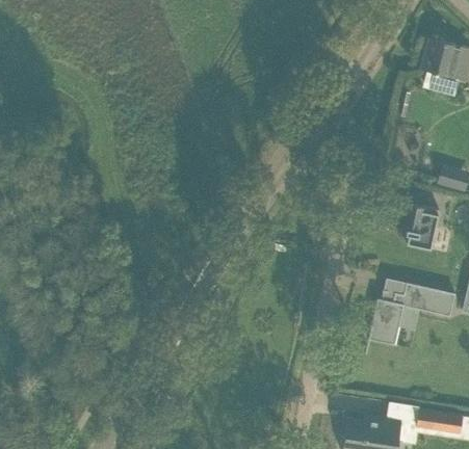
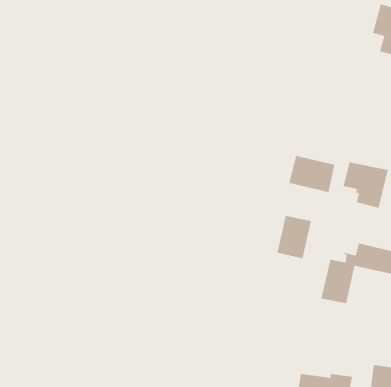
building: none -> [289,155,335,193]
building: none -> [277,215,312,259]

